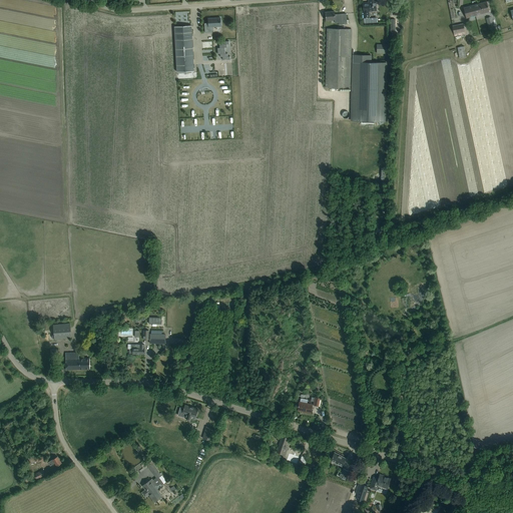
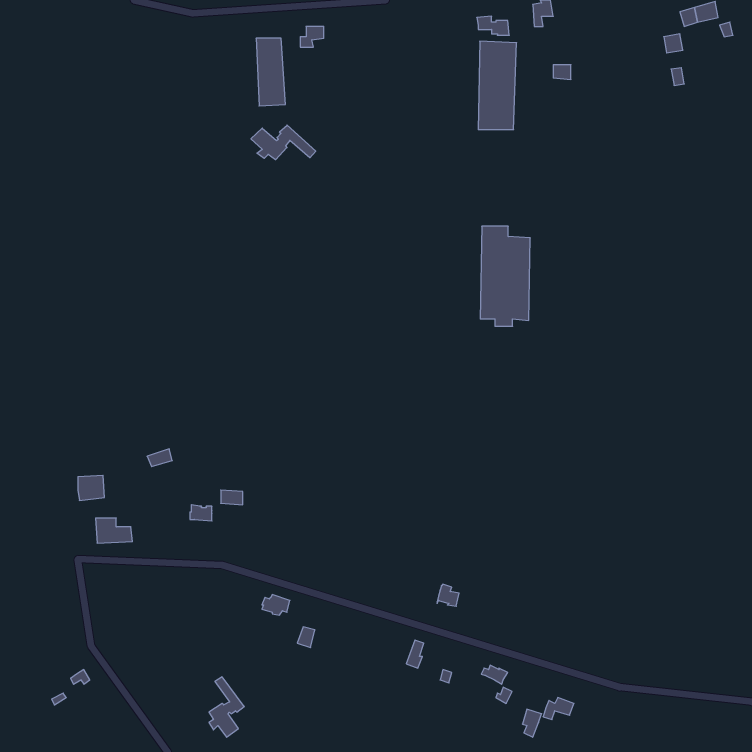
building: [352,55,386,123] -> [480,226,530,326]
building: none -> [251,125,316,160]

